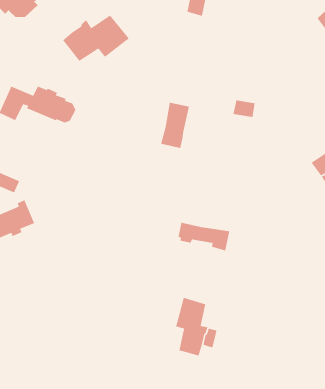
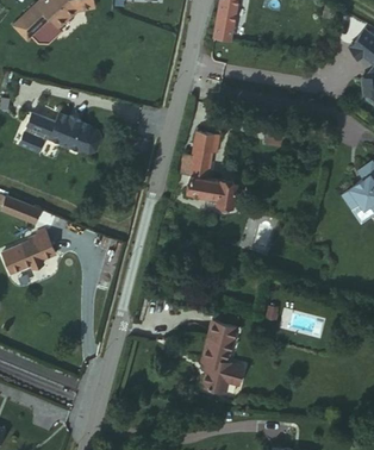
building: [62,15,130,62] -> none
building: [177,222,230,252] -> [182,174,237,205]

